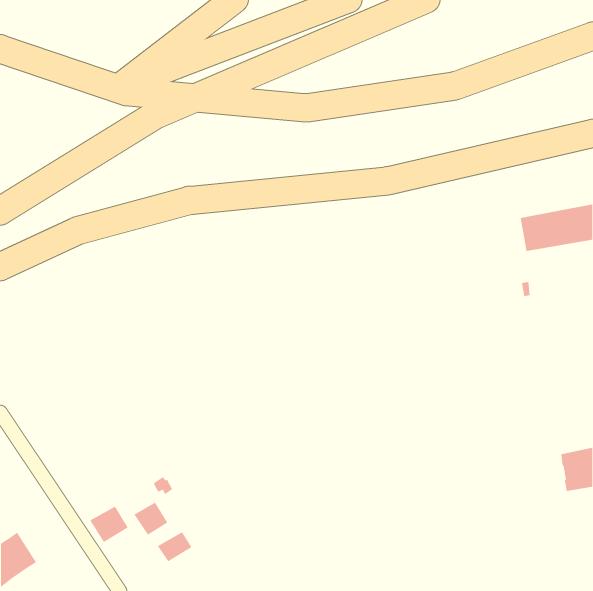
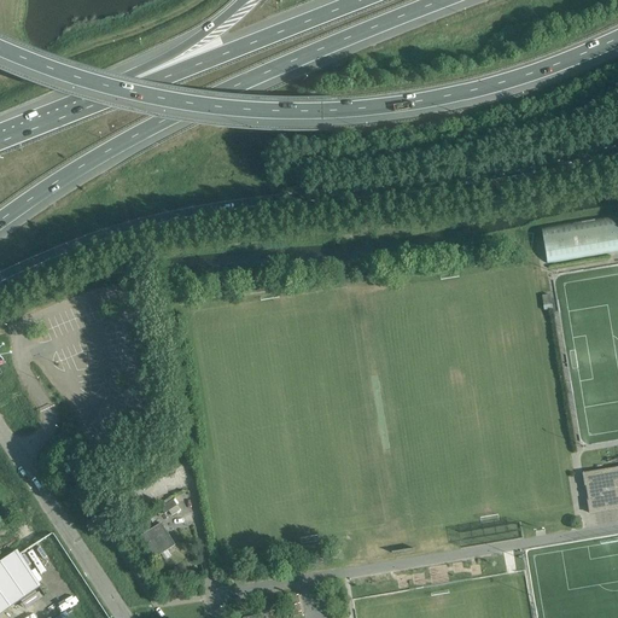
building: [89,506,129,543] -> none
building: [157,531,192,562] -> none

